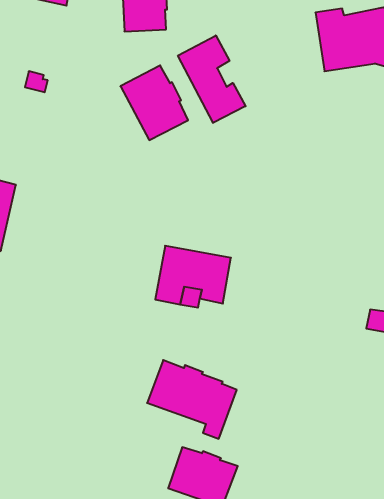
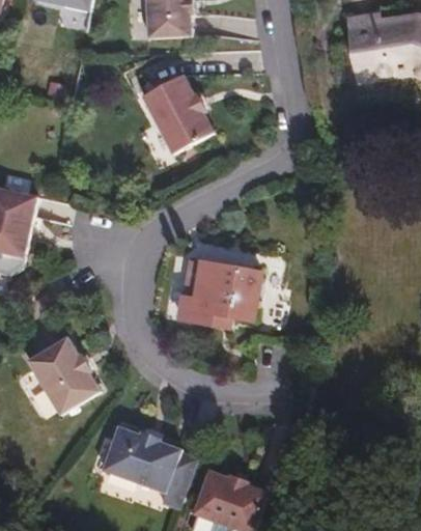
building: [178,35,246,123] -> none
building: none -> [27,336,100,413]
building: [147,360,237,439] -> [101,426,194,508]

